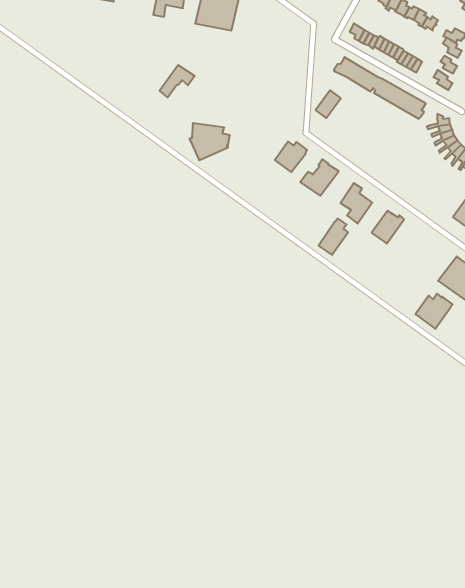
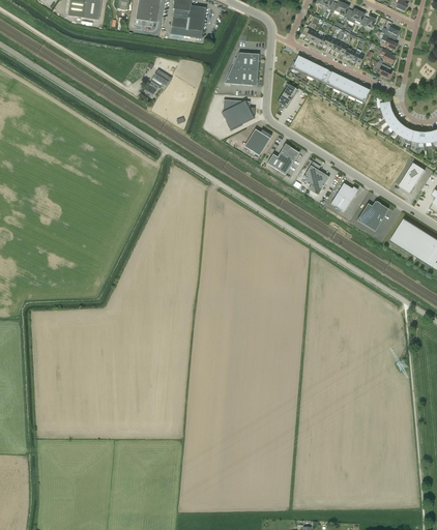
building: none -> [224,53,259,86]
building: [189,123,230,160] -> [221,99,255,130]
building: [319,219,348,255] -> none
building: [415,294,453,329] -> [357,201,388,231]

